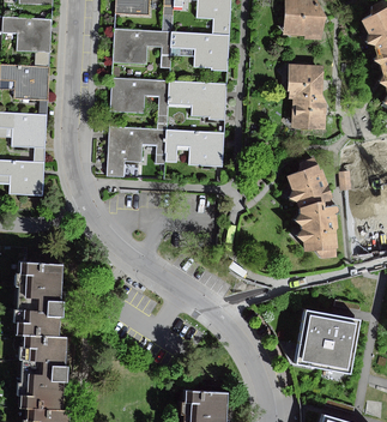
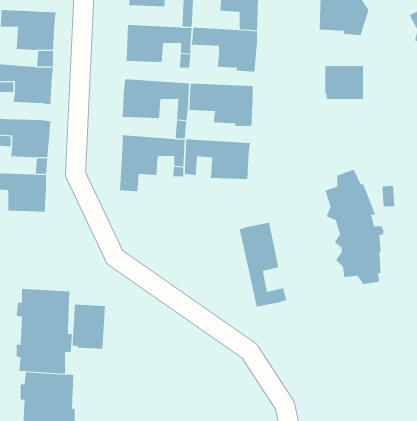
building: [291,95,327,129] -> none
building: none -> [239,222,287,308]
building: none -> [72,304,105,349]
building: [295,308,358,372] -> none

